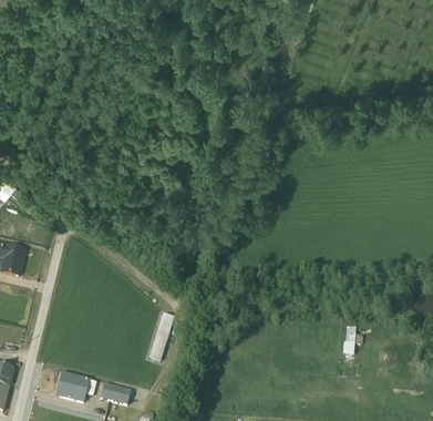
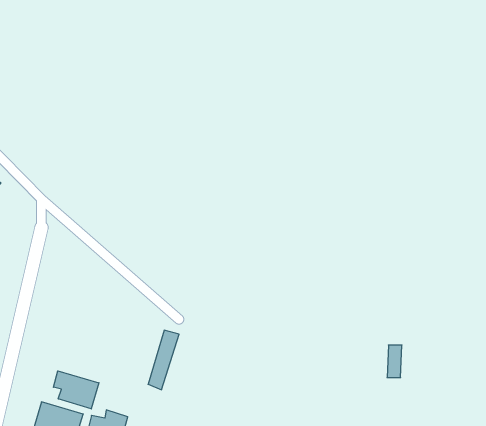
building: none -> [53,371,99,409]

